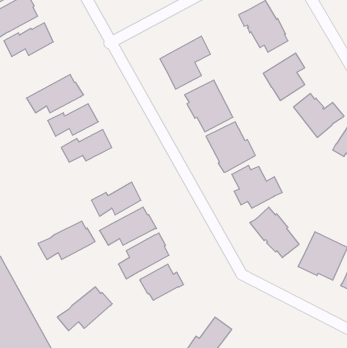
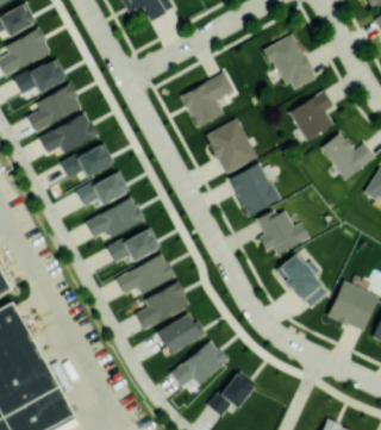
building: none -> [27,83,81,132]
building: [38,221,95,259] -> [85,198,145,238]
building: [57,287,112,331] -> [170,341,229,387]

